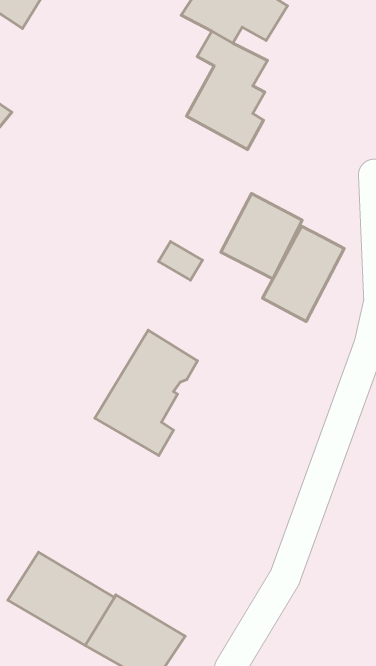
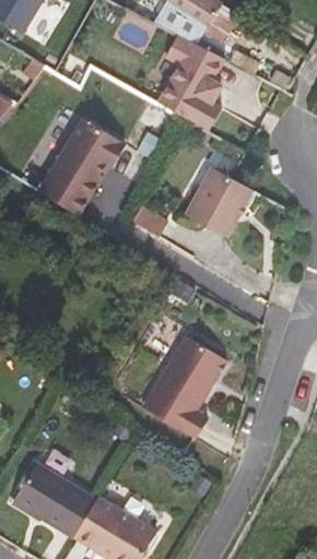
building: none -> [43,117,129,214]
building: [263,226,344,322] -> none
building: [95,330,197,455] -> [143,334,227,437]

